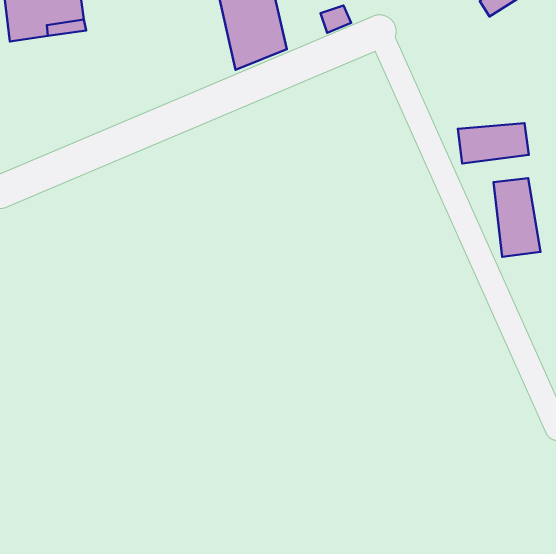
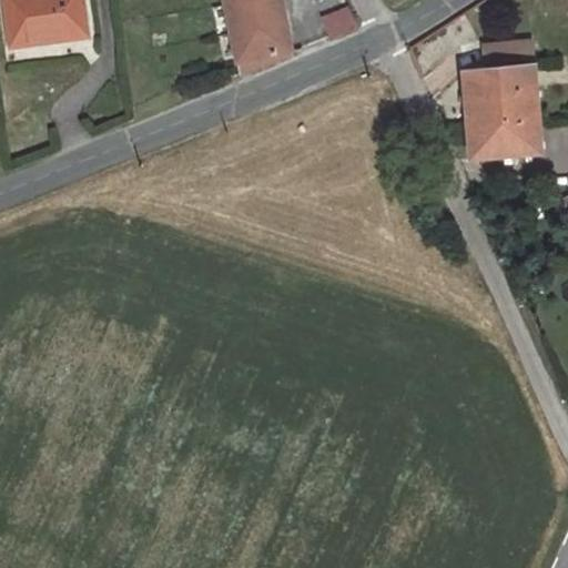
building: none -> [463,41,535,131]
building: [493,178,541,257] -> none

